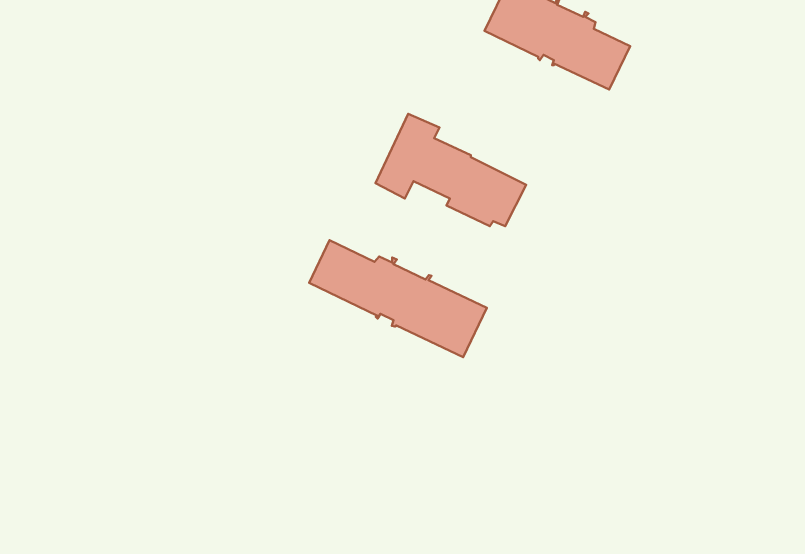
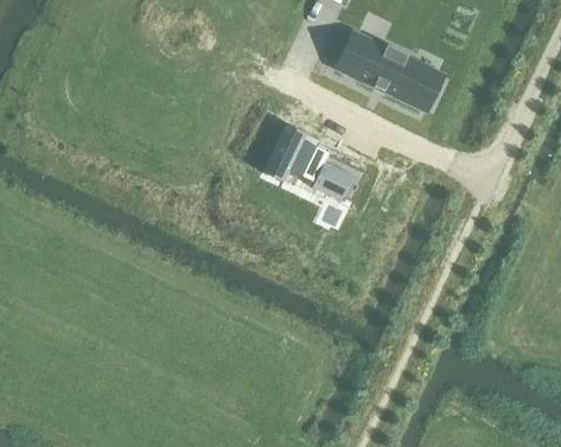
building: [309,240,487,357] -> none

